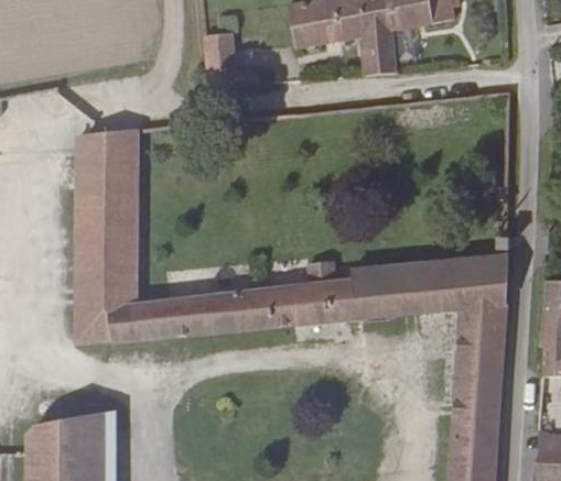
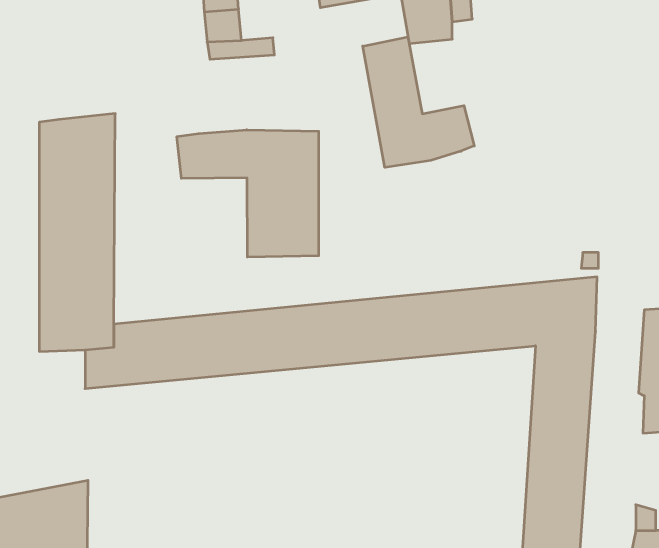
building: none -> [363,37,474,167]
building: none -> [177,130,319,257]
building: [77,311,114,343] -> none

